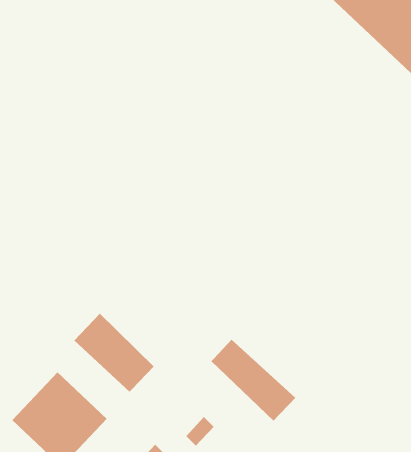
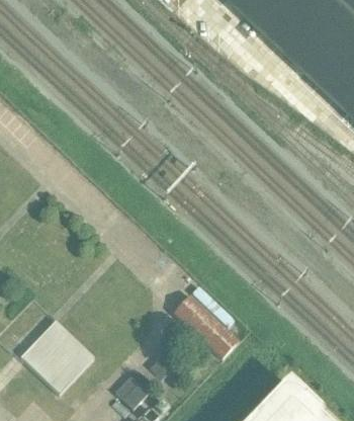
building: [73,313,154,393] -> none

